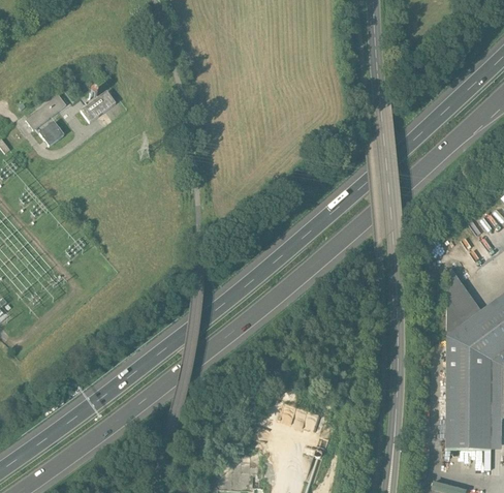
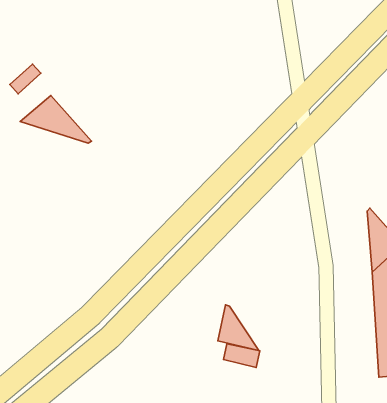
building: none -> [20,96,92,143]
building: none -> [218,305,259,351]

